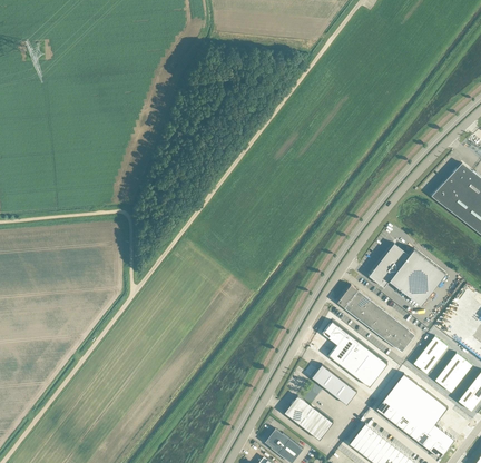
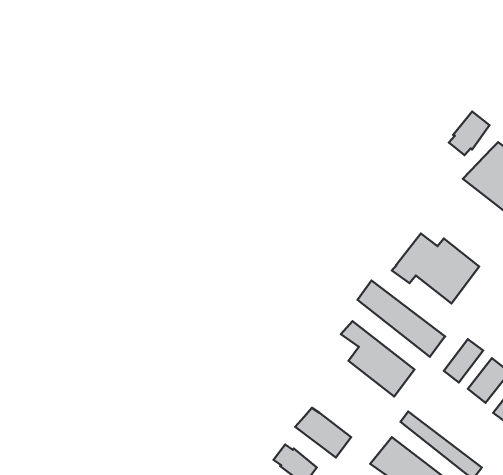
building: none -> [449,112,490,155]
building: [311,364,356,405] -> none
building: [390,381,449,444] -> none

